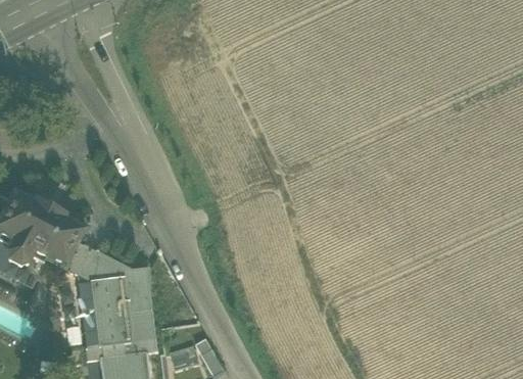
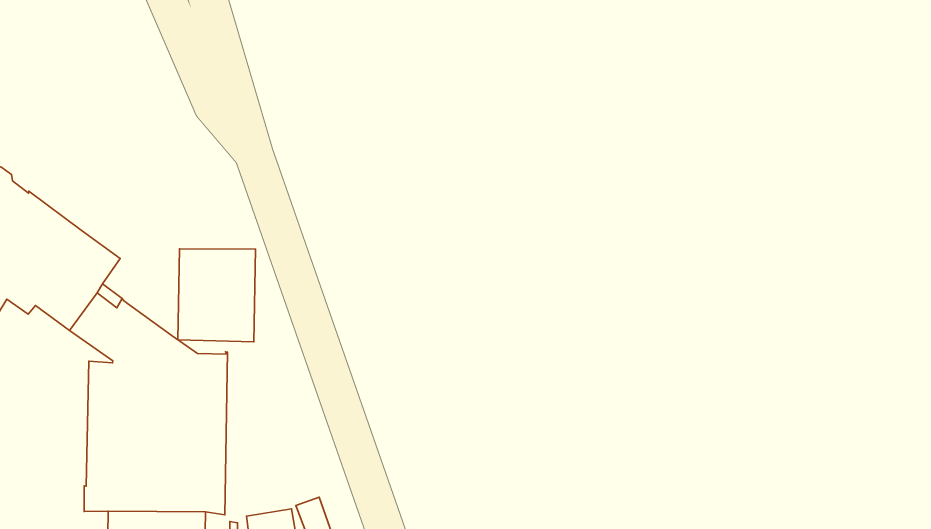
building: none -> [178,249,255,342]

